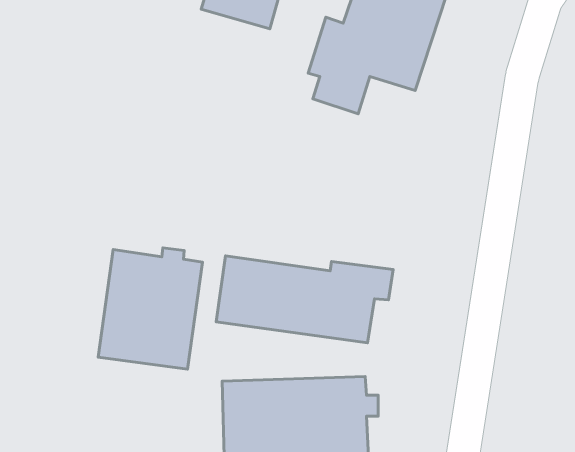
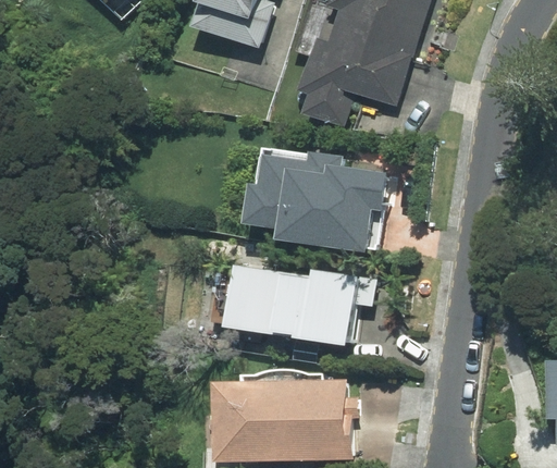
building: none -> [248,146,396,253]
building: [98,248,202,369] -> none

